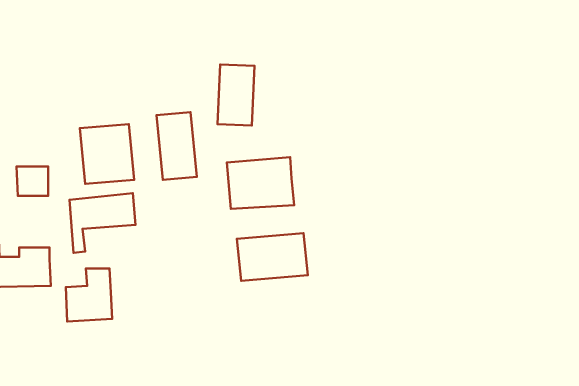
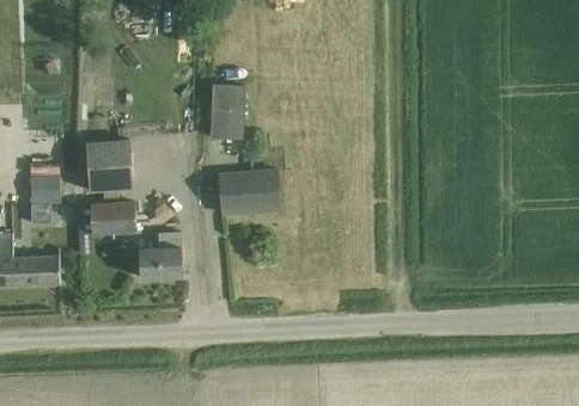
building: [157,112,197,180] -> none
building: [237,233,308,281] -> none
building: [66,269,112,322] -> [139,232,181,279]

